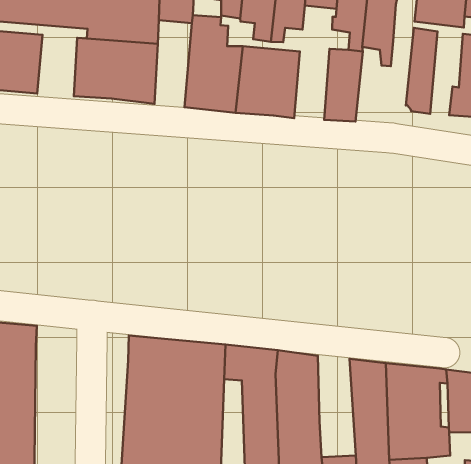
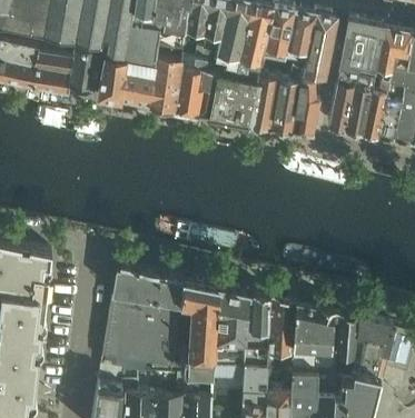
building: none -> [150,49,182,112]
building: none -> [345,77,374,137]
building: none -> [68,51,100,97]
building: none -> [248,78,278,131]
building: none -> [292,82,320,138]
building: none -> [244,298,270,371]

